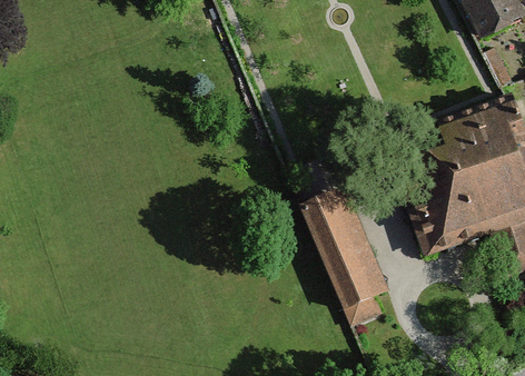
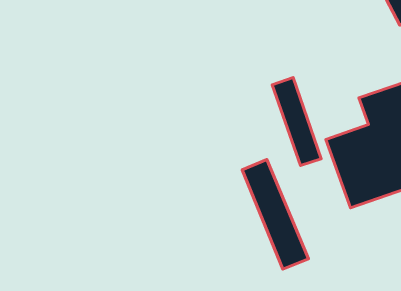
building: none -> [272,78,321,166]

